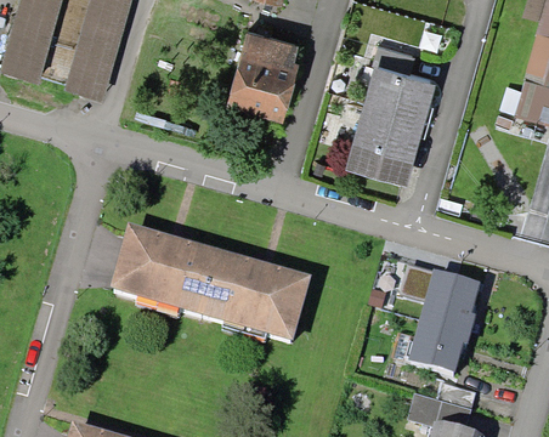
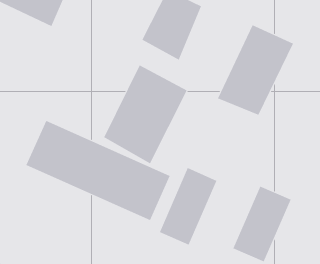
building: none -> [103,65,188,164]
building: none -> [159,167,217,246]

